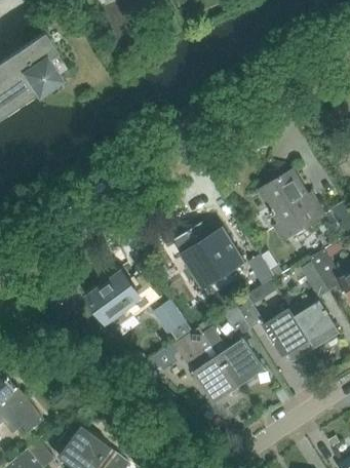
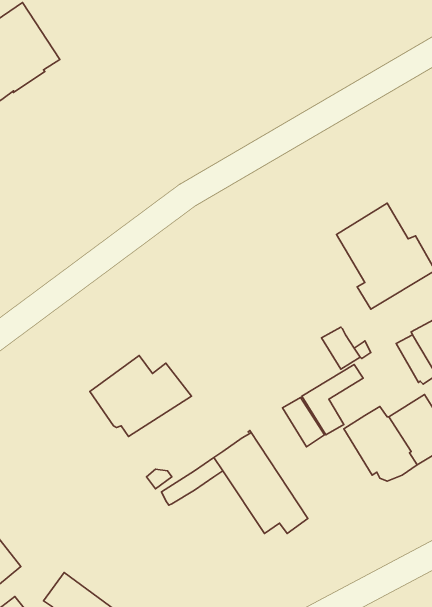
building: [174,222,245,289] -> none
building: [152,299,191,340] -> none
building: [199,319,261,386] -> none

